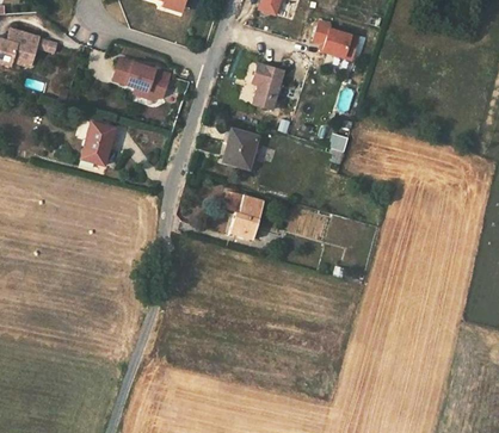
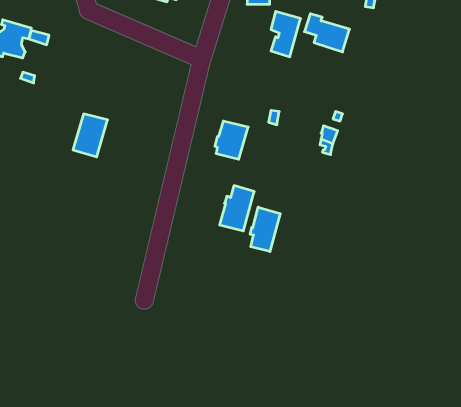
building: [115,58,171,99] -> none
building: [252,63,282,109] -> [271,11,301,57]
building: none -> [250,207,280,252]

